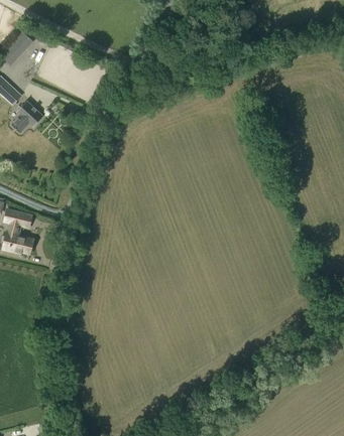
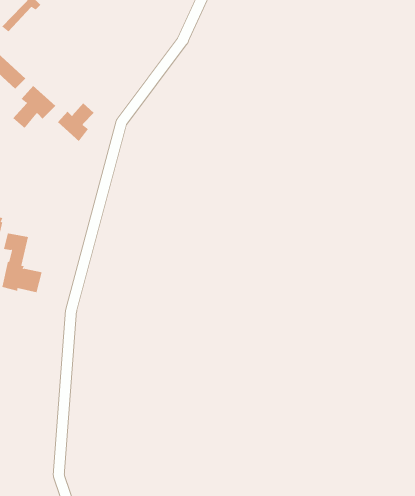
building: none -> [57,102,95,142]

